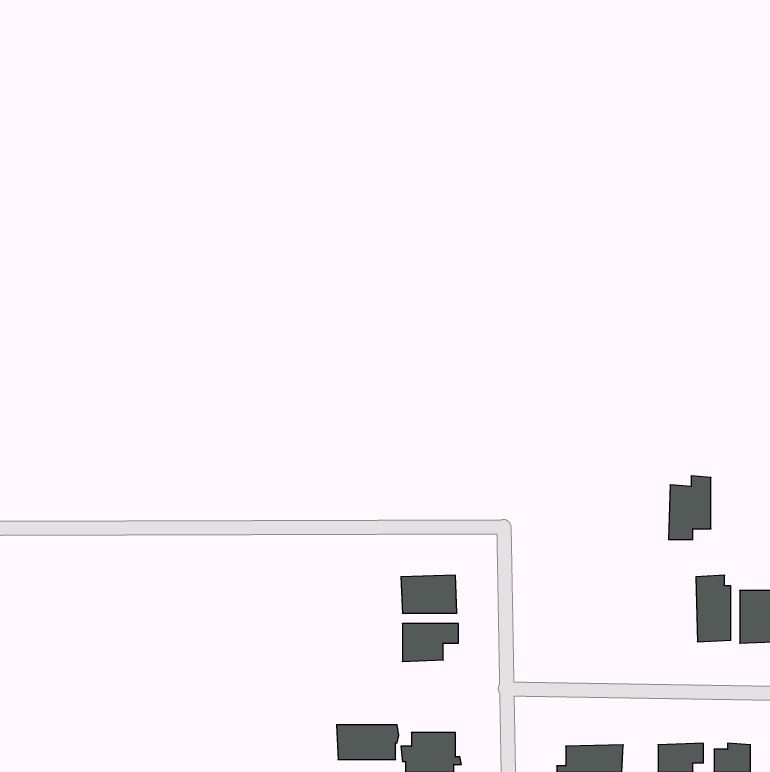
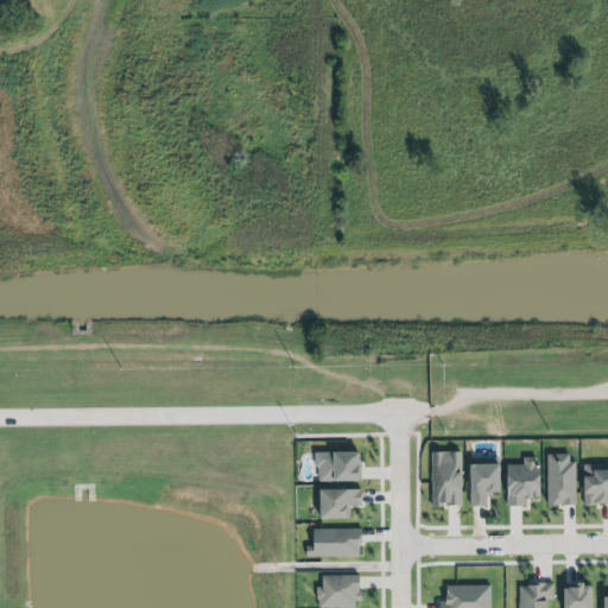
building: [669,476,711,539] -> [506,456,539,506]
building: none -> [432,451,462,506]
building: none -> [469,464,499,506]
building: [337,725,399,760] -> [316,530,365,557]

